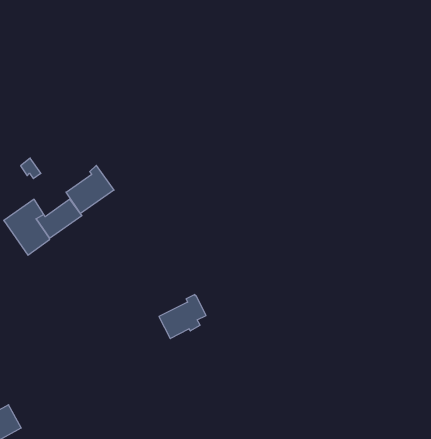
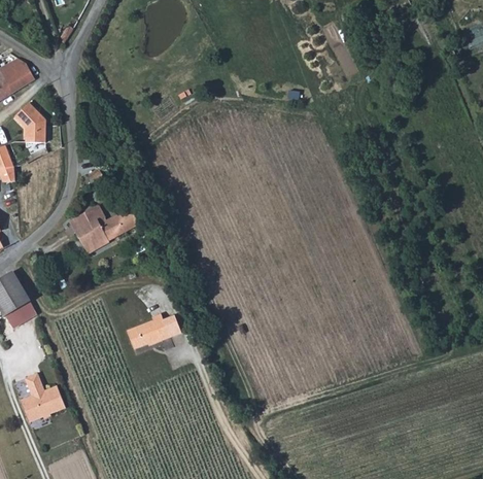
building: [66,165,114,214] -> none
building: [159,295,206,339] -> [127,313,169,350]

